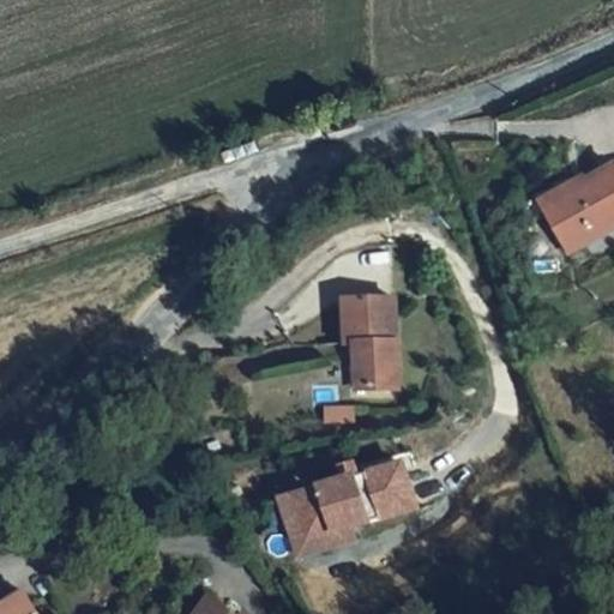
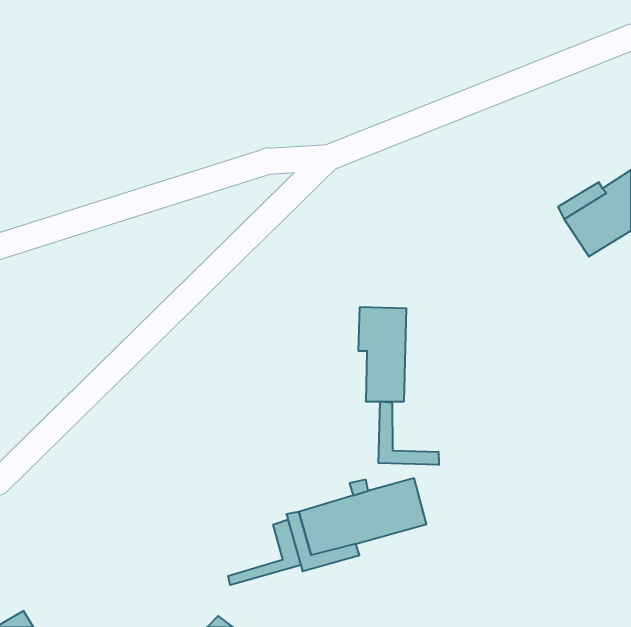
building: none -> [379,401,439,465]
building: none -> [228,520,301,585]

